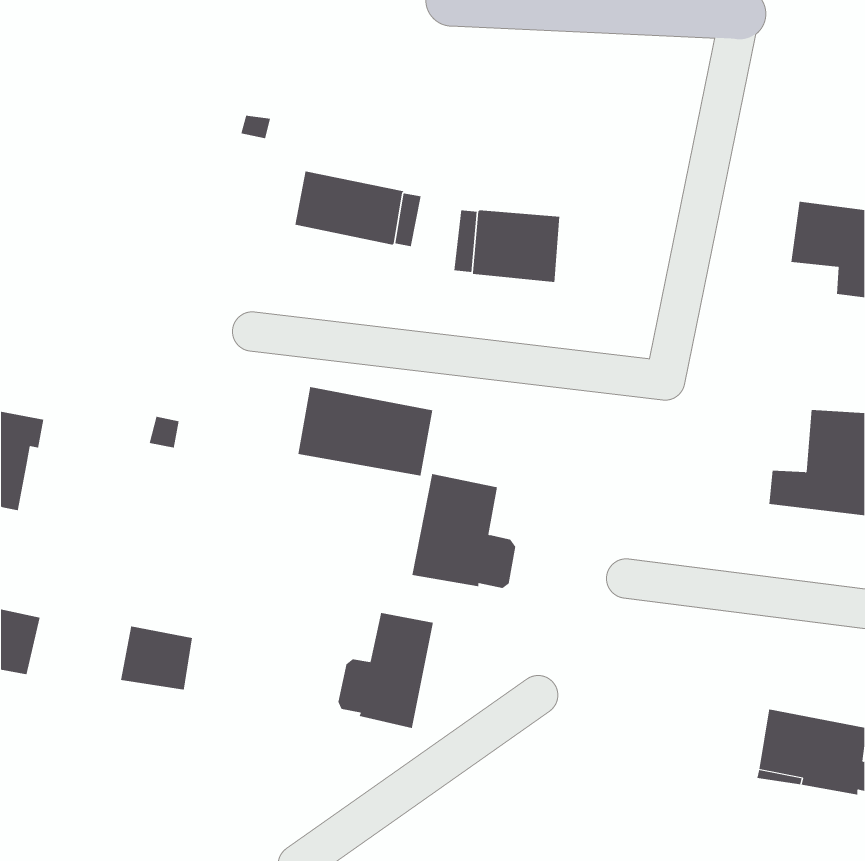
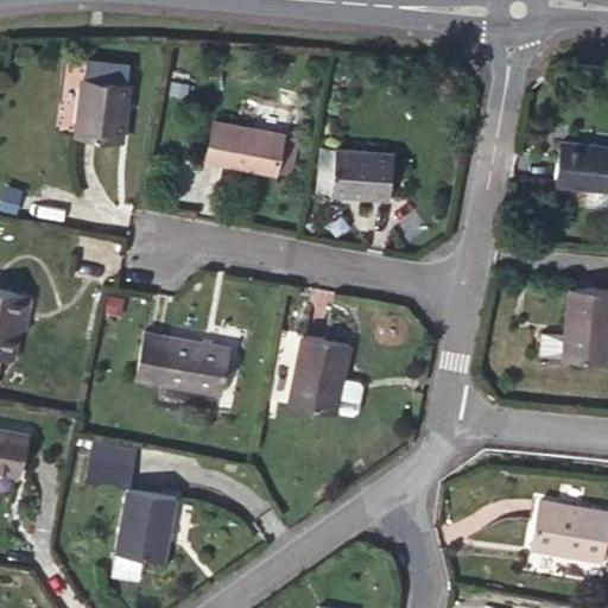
building: none -> [76,62,129,142]
building: [298,386,433,476] -> [135,332,230,395]
building: [338,612,434,729] -> none
building: none -> [116,489,176,562]

